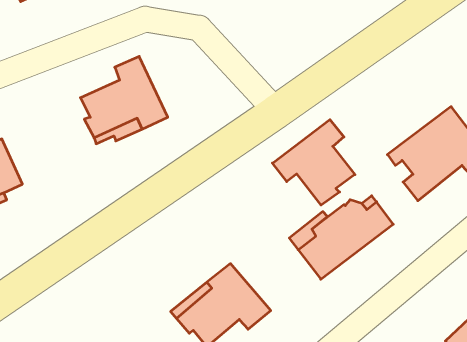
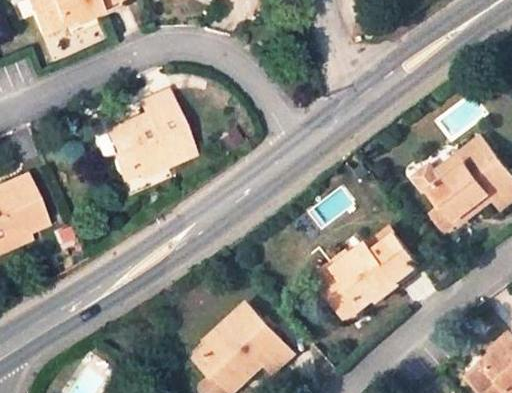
building: [272,120,355,205] -> none

